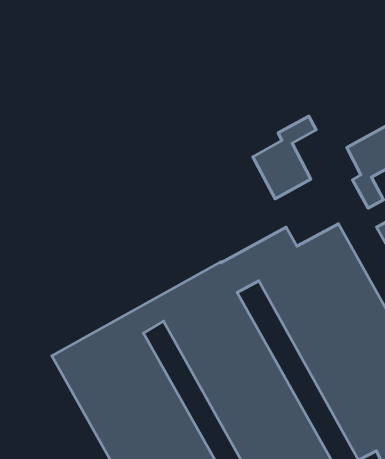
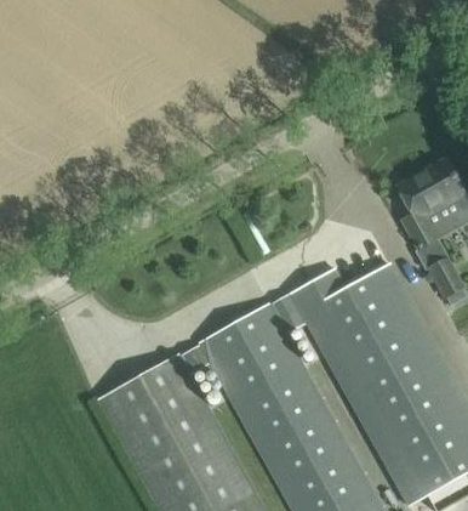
building: [253,116,316,199] -> none

